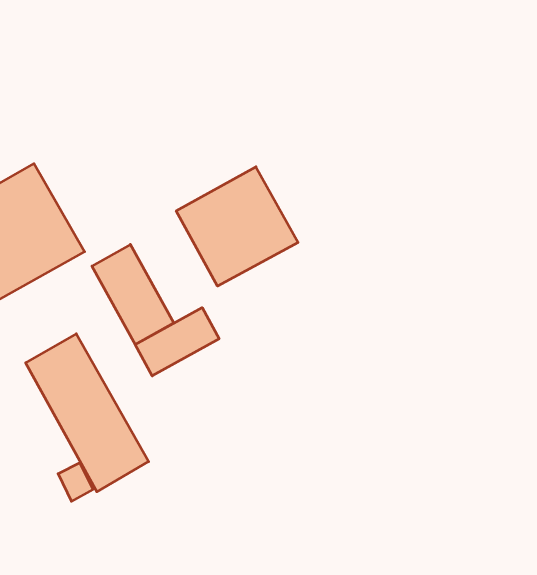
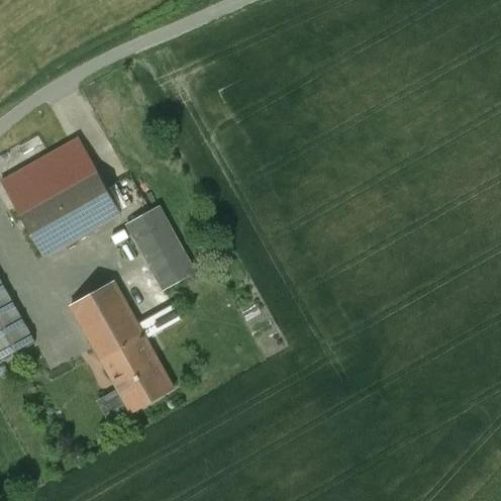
building: [176,167,298,286] -> none
building: [135,308,219,376] -> none

